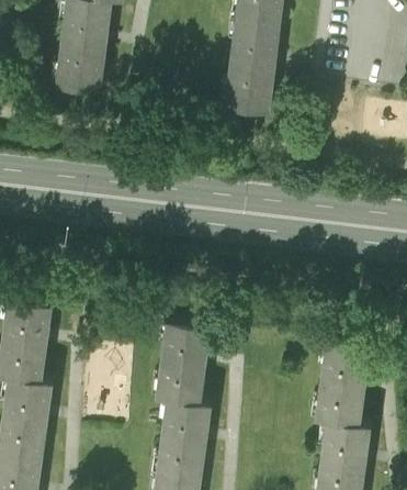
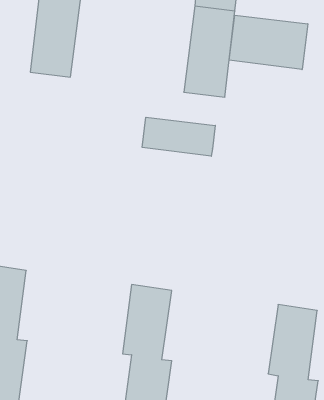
building: none -> [229,15,308,70]
building: none -> [142,117,215,156]

